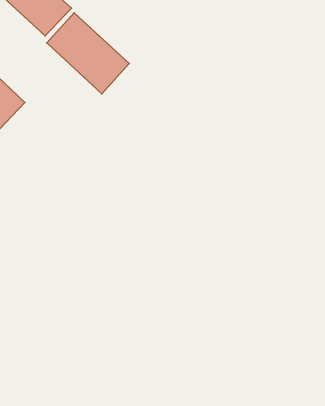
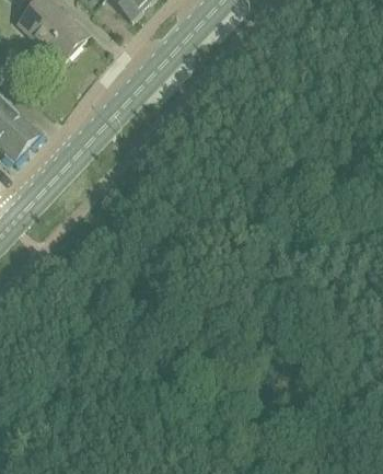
building: [47,13,129,94] -> none

